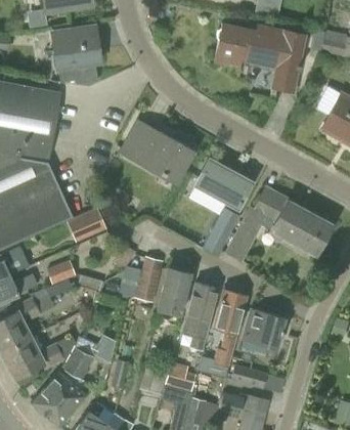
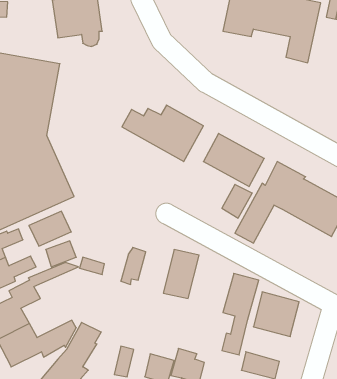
building: [68,209,107,242] -> [29,211,71,246]
building: [136,257,164,303] -> none
building: [182,283,219,351] -> none

